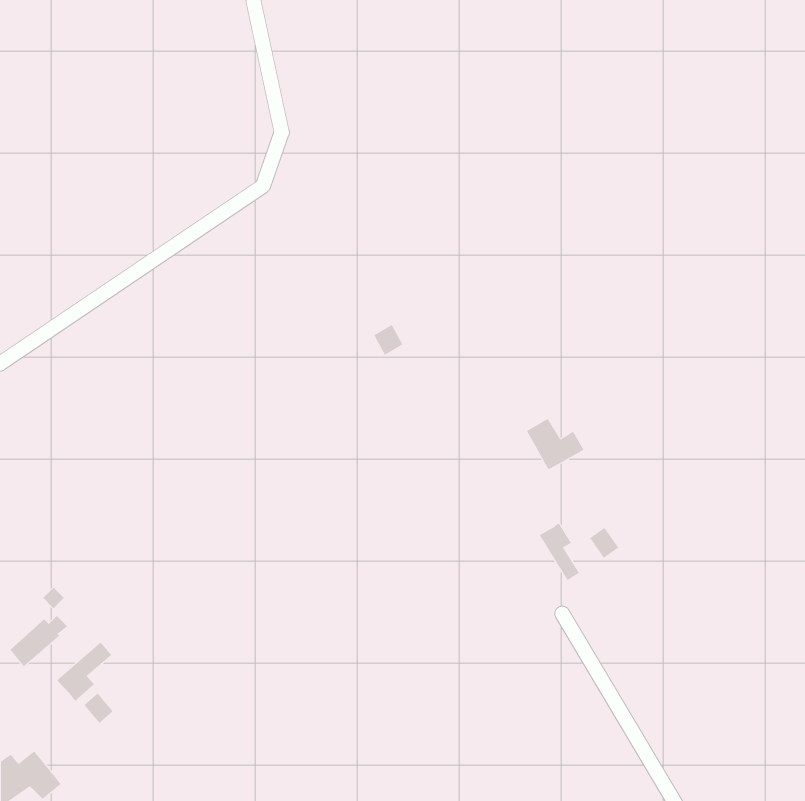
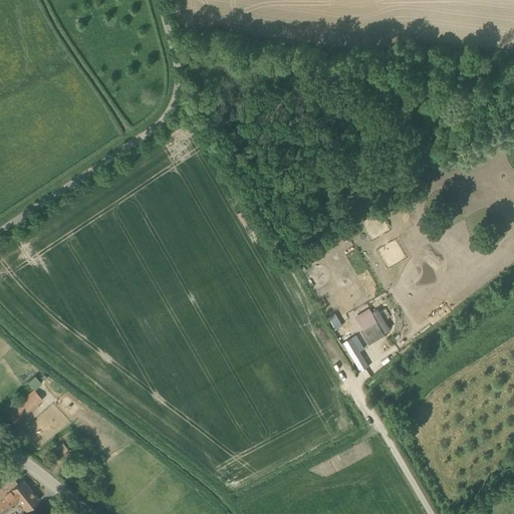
building: [526,418,584,470] -> [355,309,393,342]
building: [56,642,112,702] -> none

